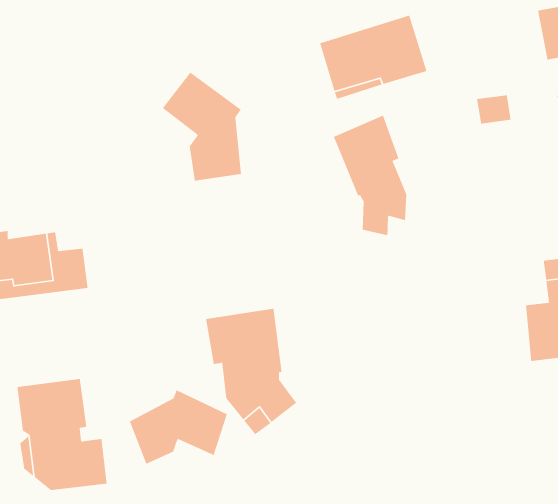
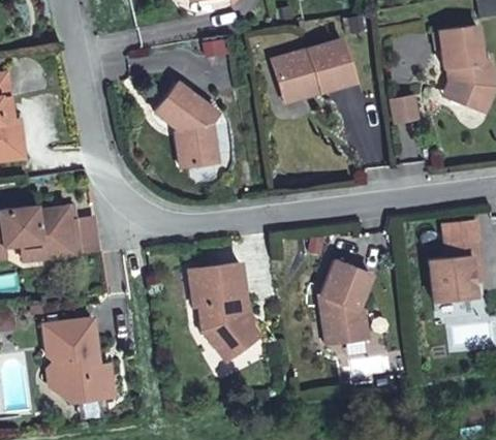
building: [333,115,407,236] -> none
building: none -> [321,261,371,345]
building: [129,389,228,465] -> none

